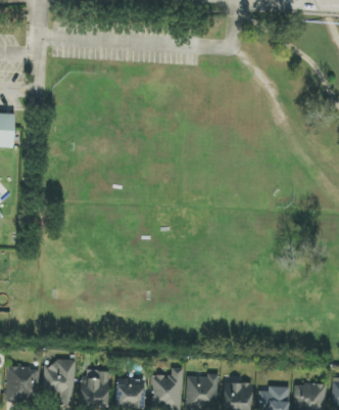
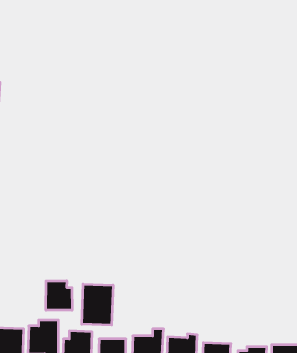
building: none -> [46,281,72,310]
building: none -> [82,284,113,325]

